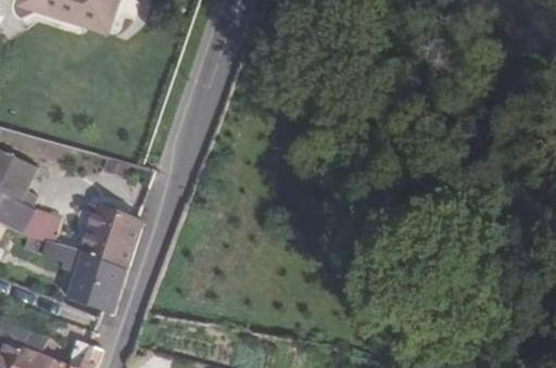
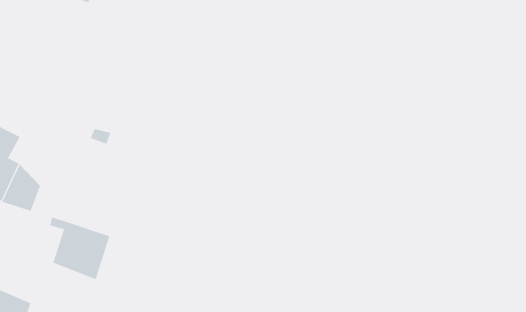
building: [78,204,139,268] -> none

